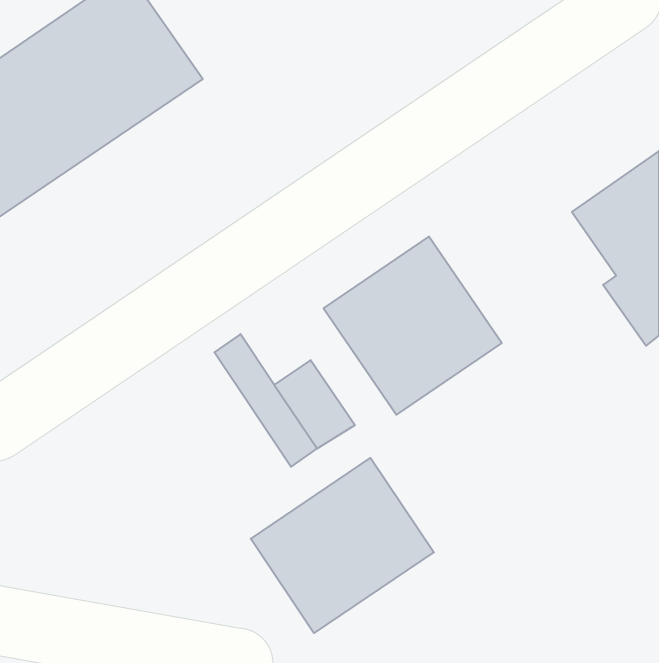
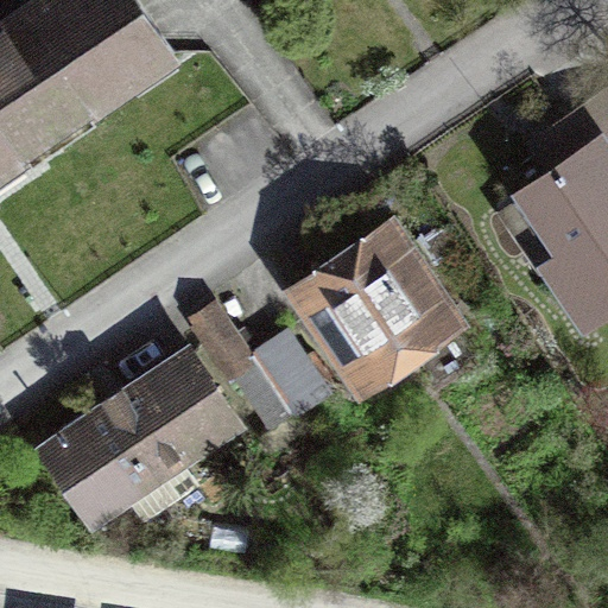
building: none -> [34,353,228,518]
building: [251,458,434,633] -> none

